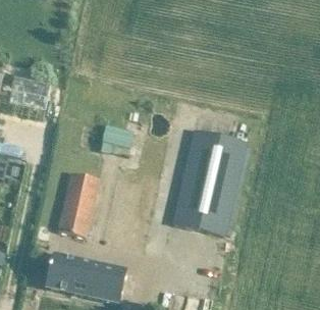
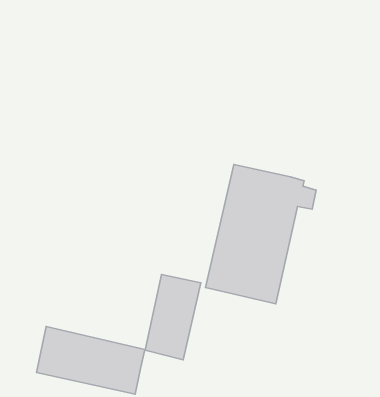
building: [100,122,135,154] -> none
building: [58,171,100,236] -> [145,275,201,360]

